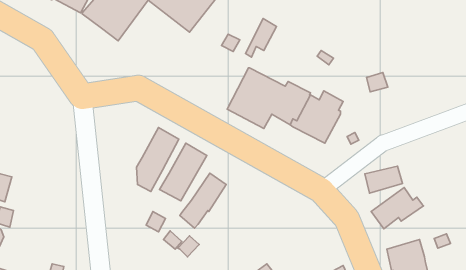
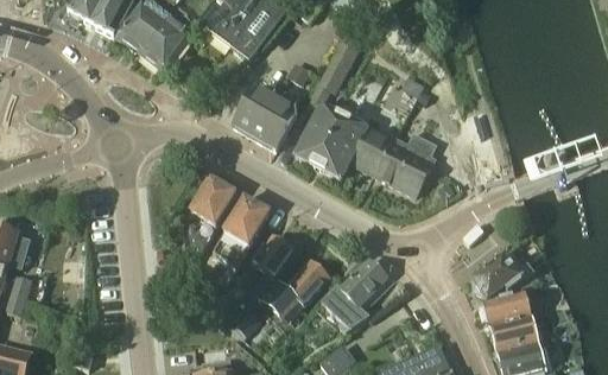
building: none -> [234,88,298,150]
building: [365,166,402,193] -> [486,293,532,326]
building: none -> [261,259,331,325]
building: none -> [322,260,388,335]

